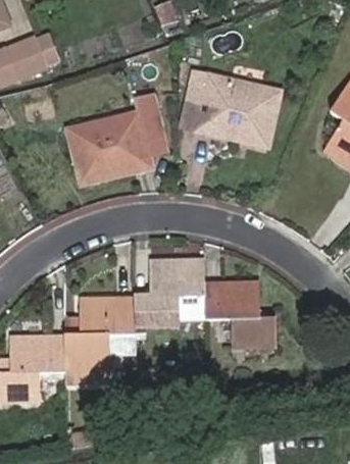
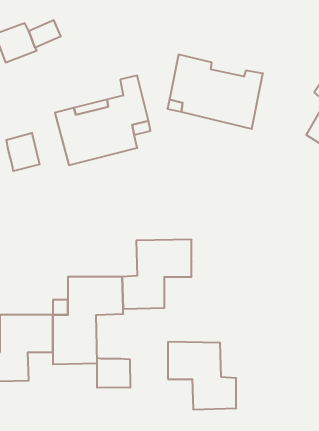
building: none -> [6,133,40,171]
building: [206,279,276,348] -> [168,342,236,409]
building: none -> [97,358,130,388]

